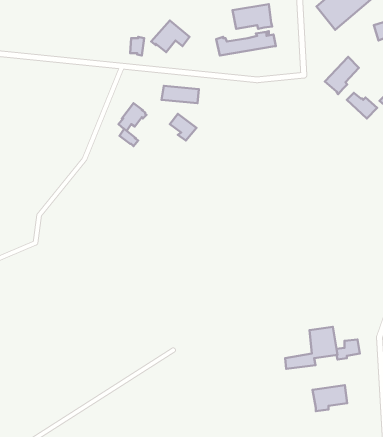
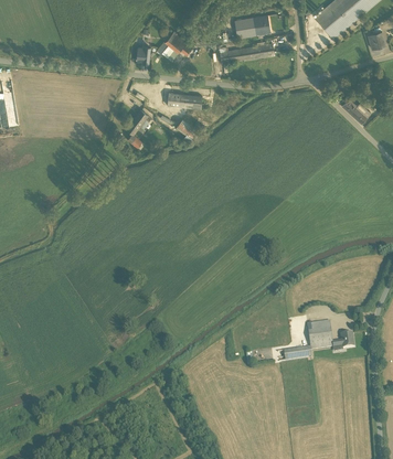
building: [325,57,359,94] -> none
building: [313,385,347,411] -> none

